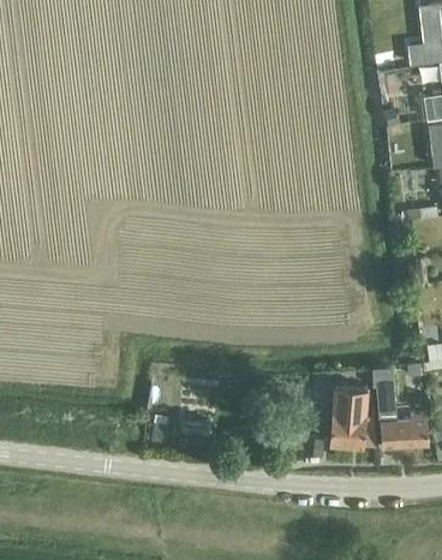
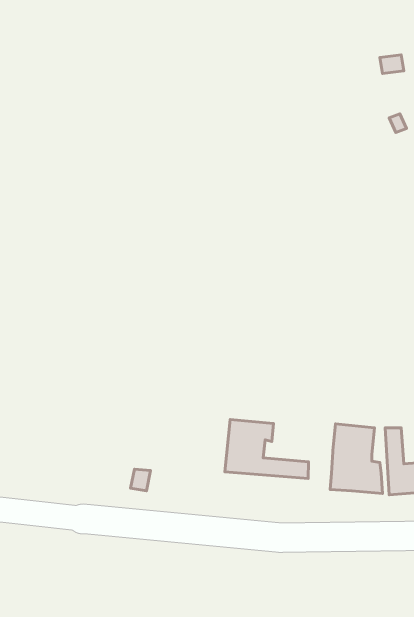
building: none -> [225,420,308,478]

